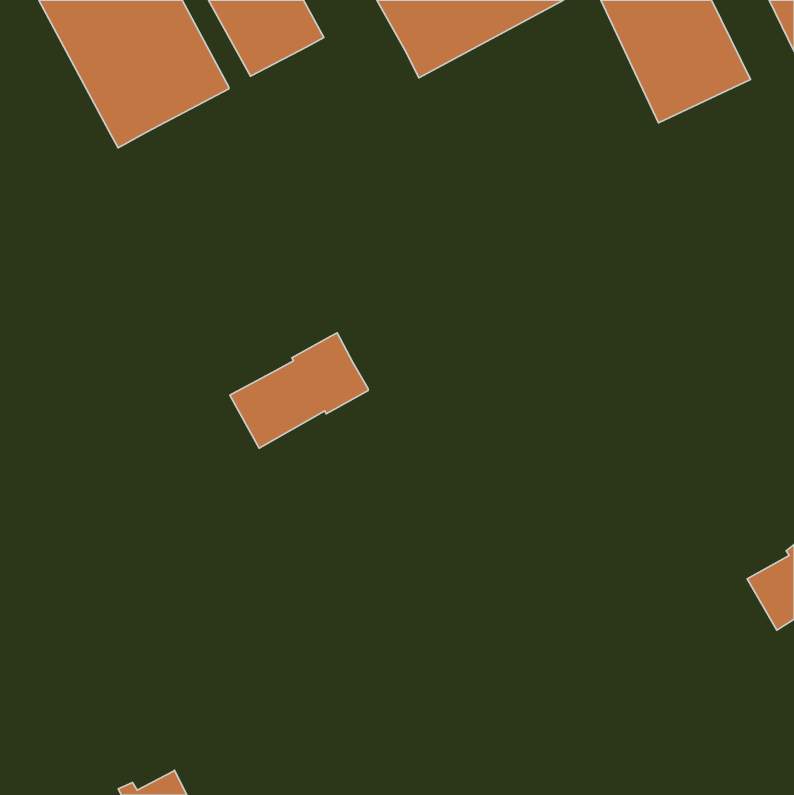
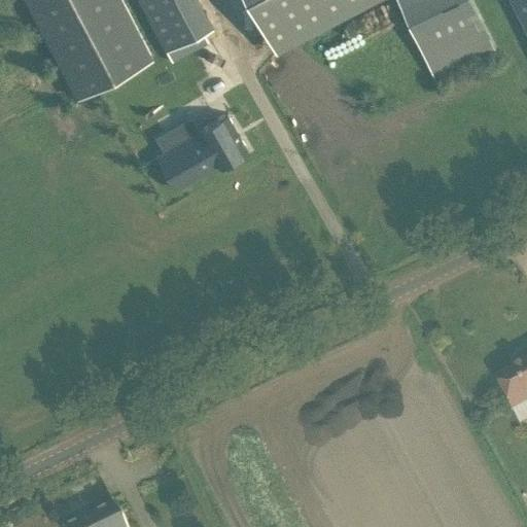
building: [230,333,368,448] -> [156,111,248,187]

